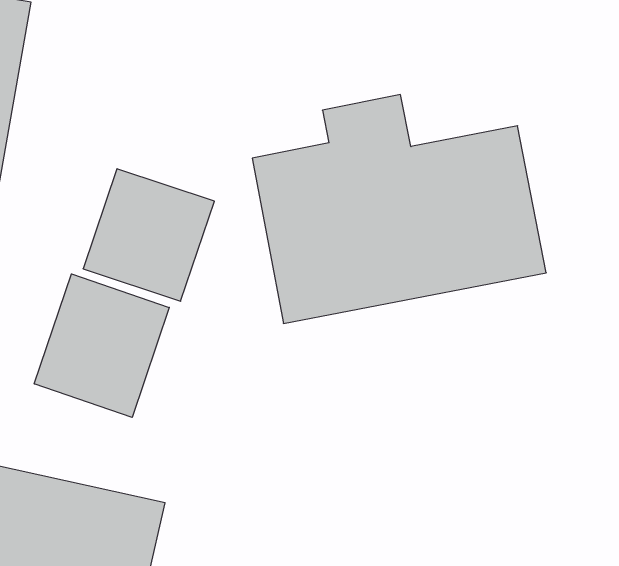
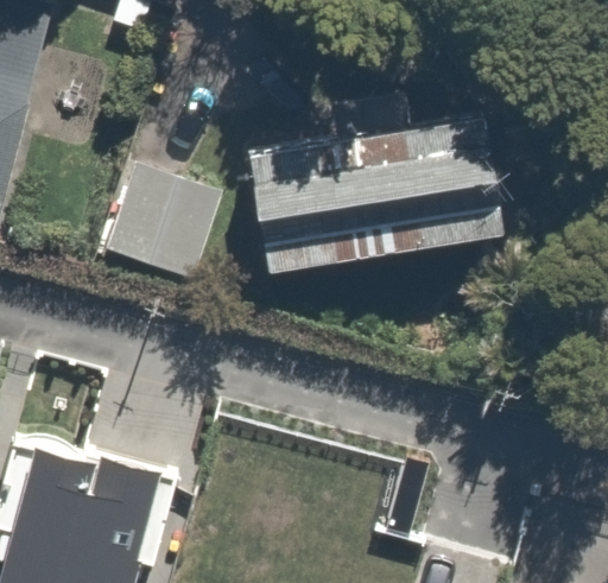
building: [34,274,169,417] -> none

